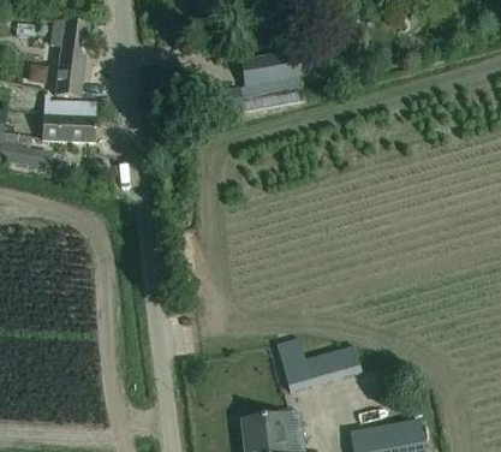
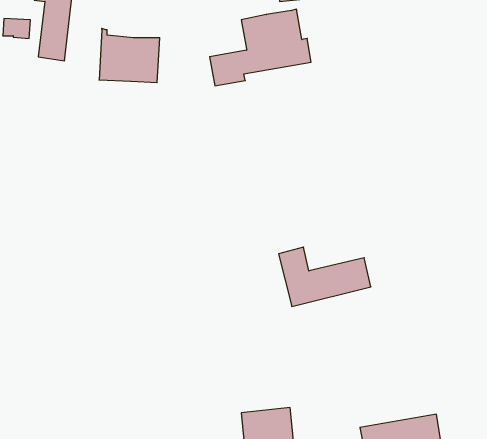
building: [41,91,96,141] -> [99,28,160,83]
building: [278,338,362,392] -> [279,247,371,306]

